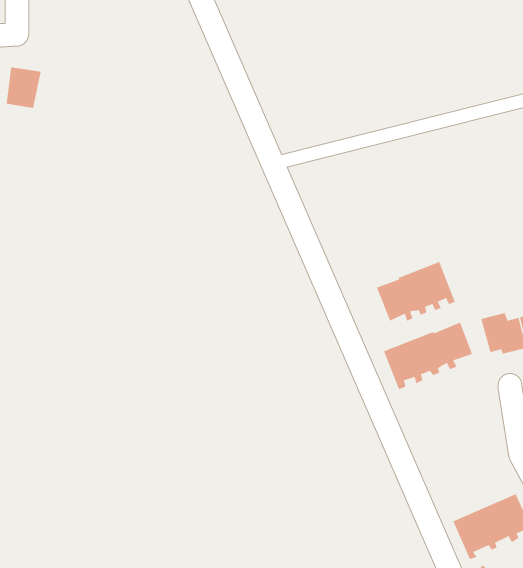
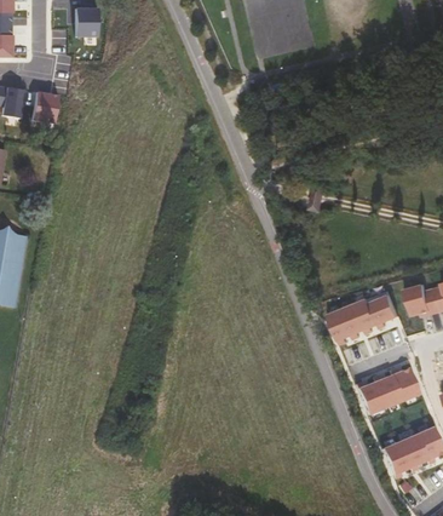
building: [376,261,455,321] -> none
building: none -> [356,367,420,414]

